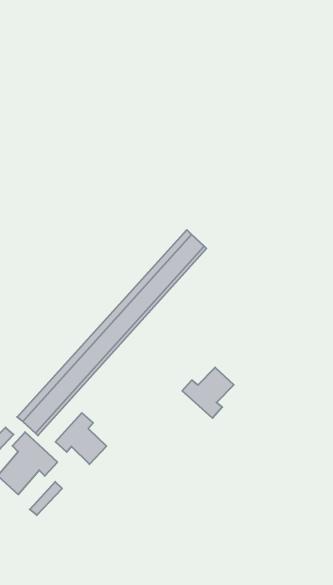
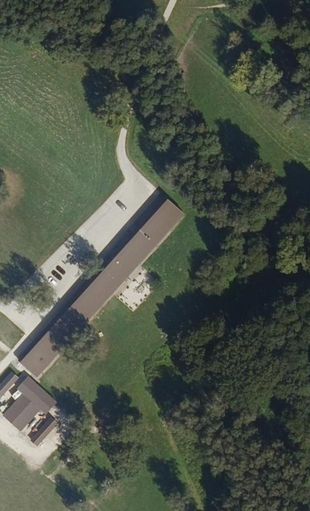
building: [182,367,234,418] -> none
building: [56,413,106,464] -> none

